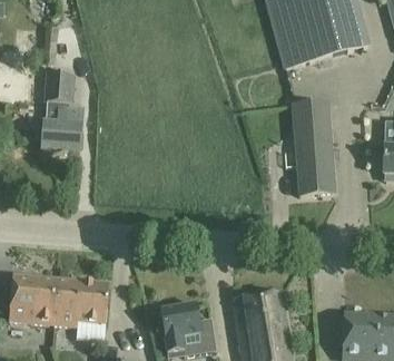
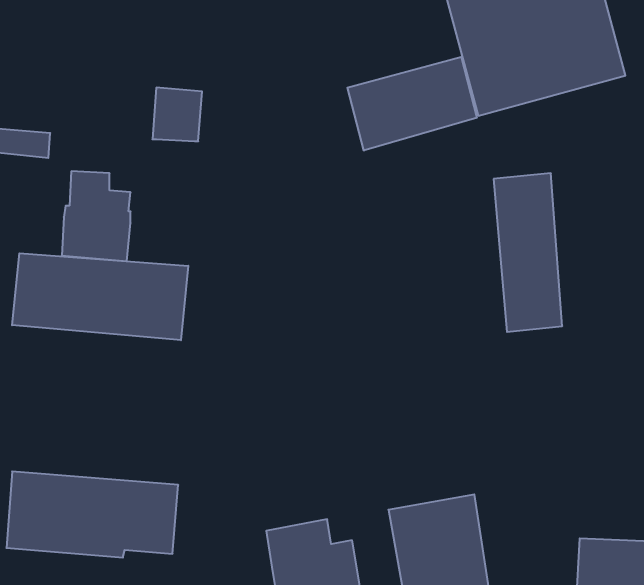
building: none -> [347,57,477,151]
building: [45,71,73,103] -> [152,88,202,141]
building: none -> [12,253,188,340]

